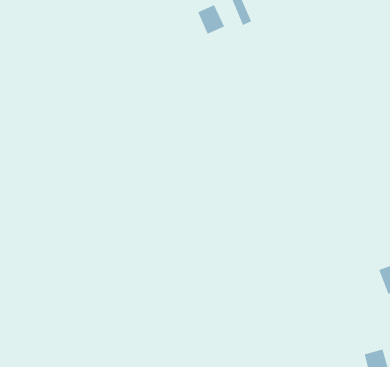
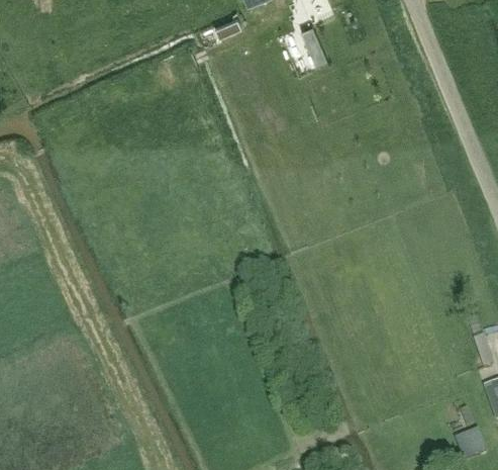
building: [197,4,225,35] -> none

